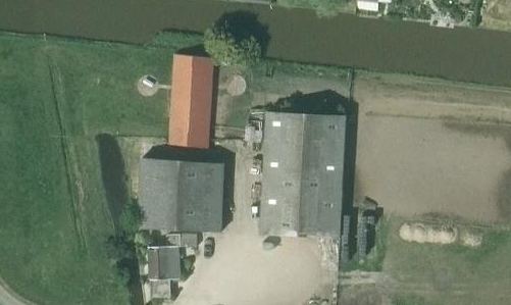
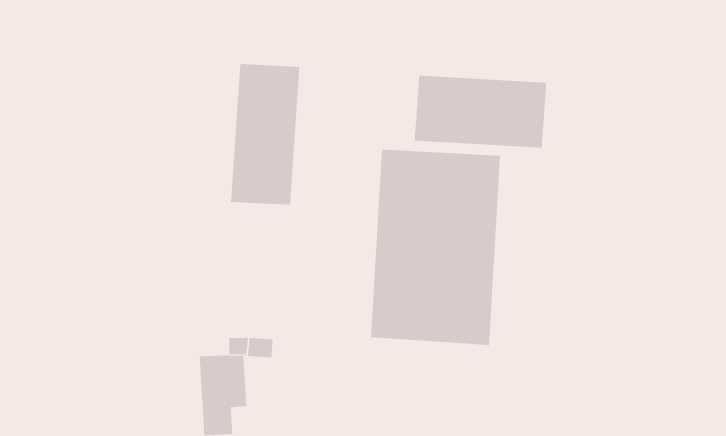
building: none -> [414,75,547,149]
building: [138,157,224,232] -> none

